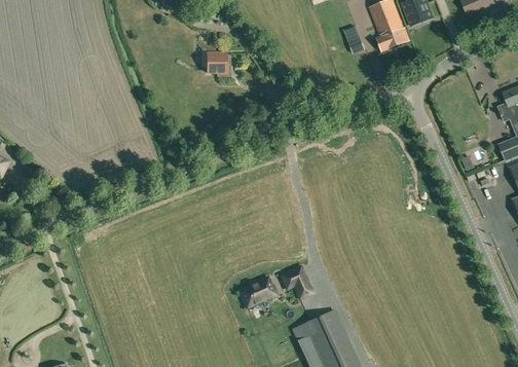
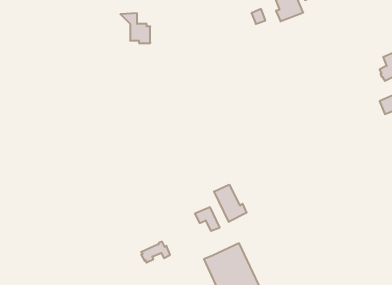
building: none -> [214,185,247,222]
building: [243,280,276,304] -> [141,242,170,263]

